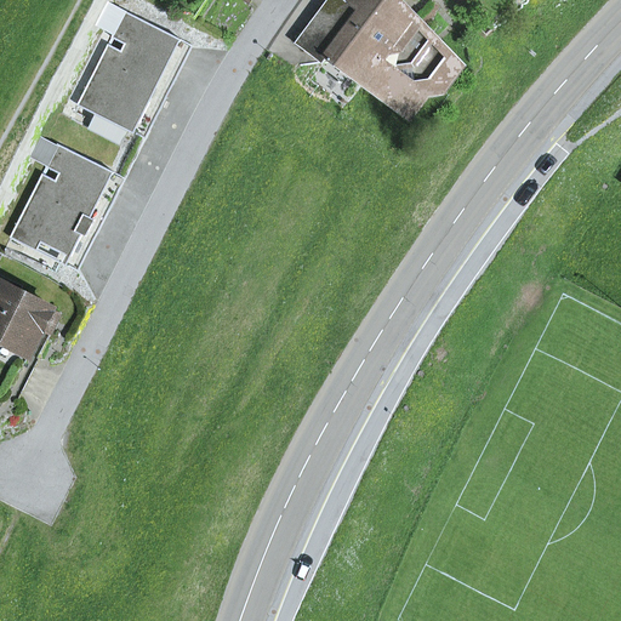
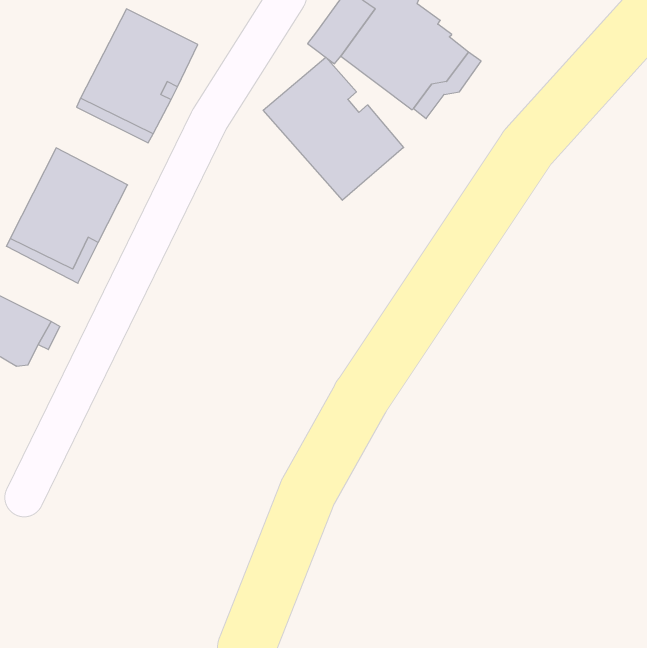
building: none -> [263,57,404,200]

